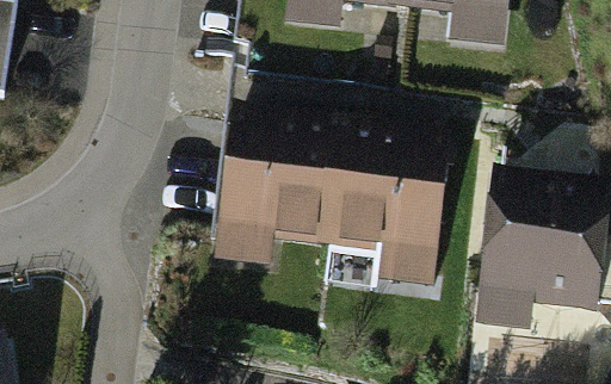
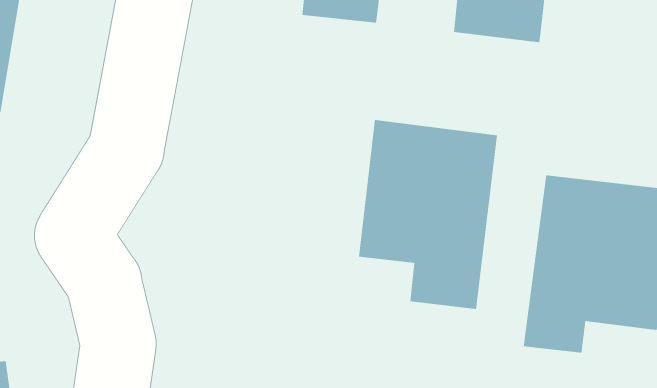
building: [212,105,342,266] -> none

